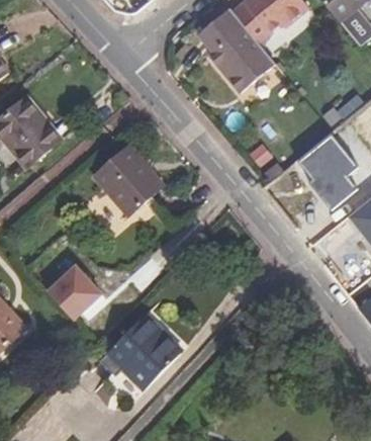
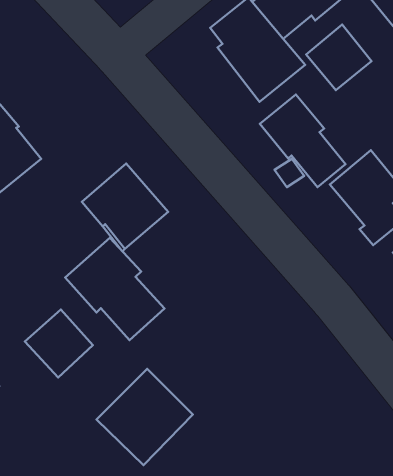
building: none -> [306,24,372,90]
building: none -> [260,95,346,187]
building: none -> [65,238,164,340]

